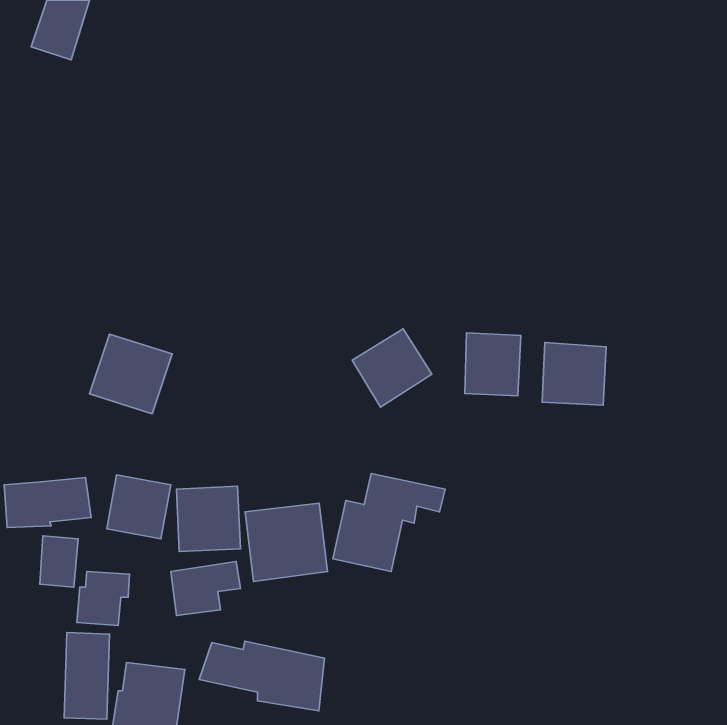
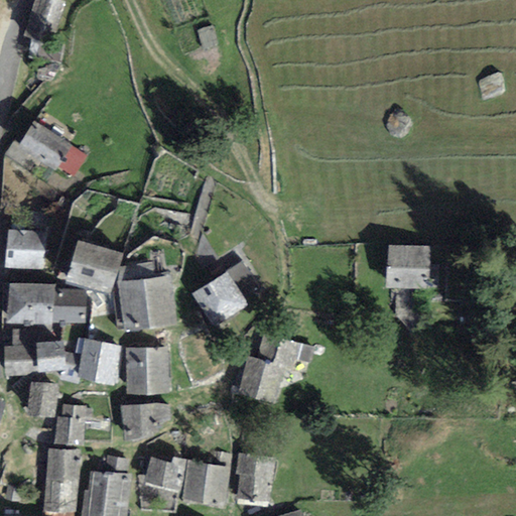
building: none -> [17,120,74,170]
building: none -> [4,228,45,267]
building: [352,329,432,407] -> [191,268,248,324]
building: [465,333,521,396] -> none
building: none -> [4,280,86,325]
building: [245,503,328,581] -> [118,274,176,330]
building: none -> [234,454,276,502]

